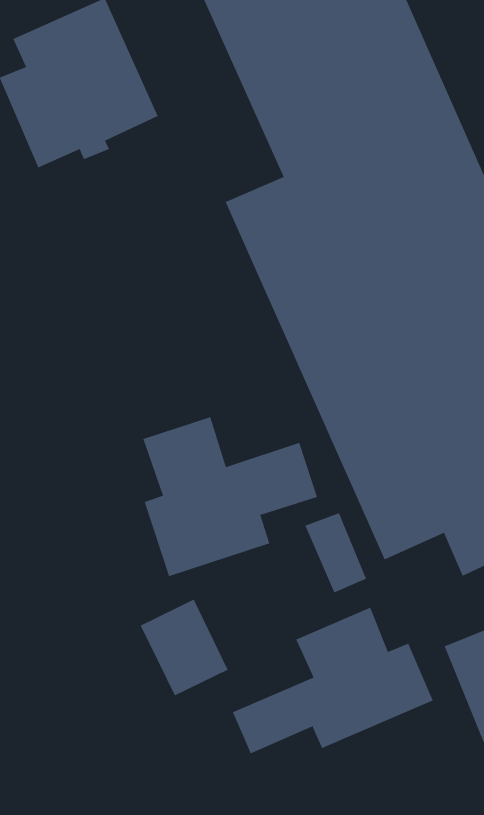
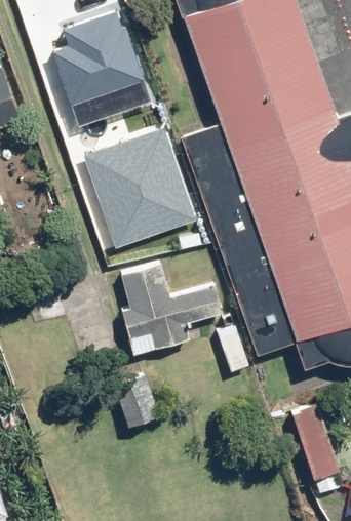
building: none -> [82,124,195,246]
building: [232,607,433,754] -> none

